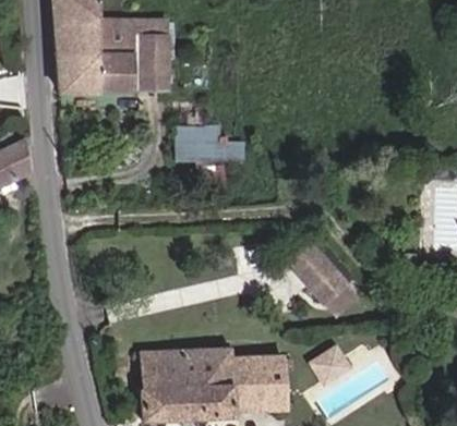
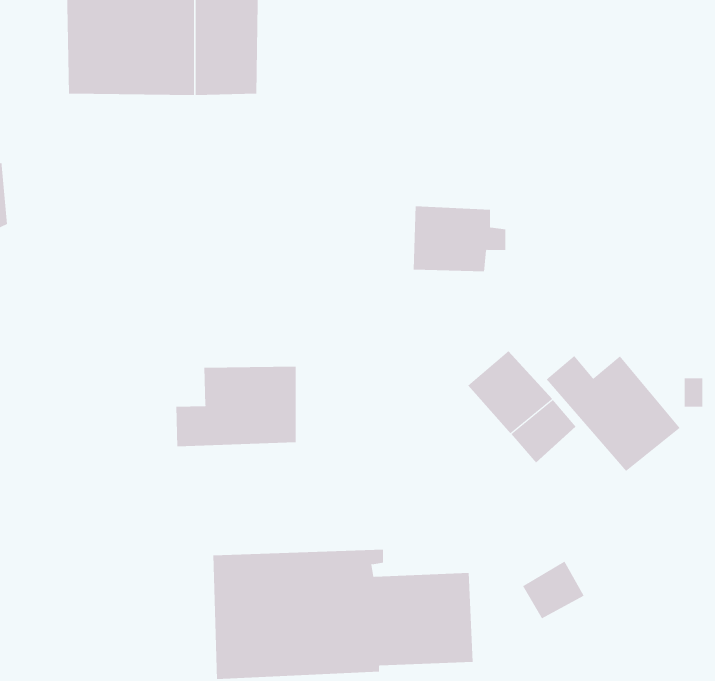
building: [171,123,224,160] -> [413,206,506,272]
building: none -> [546,355,681,472]
building: none -> [176,366,296,447]

